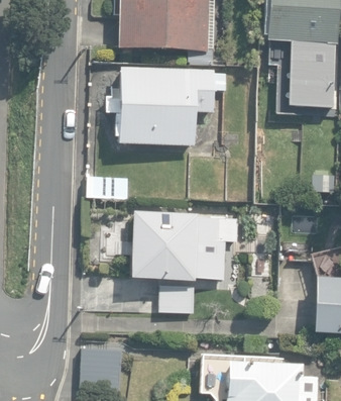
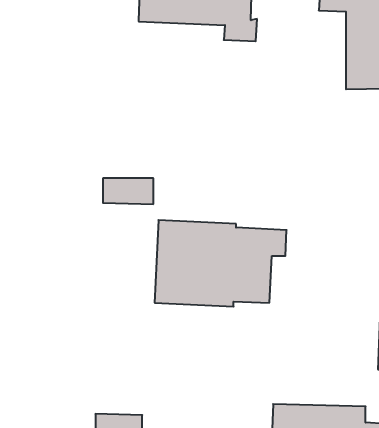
building: [113,67,227,144] -> none

